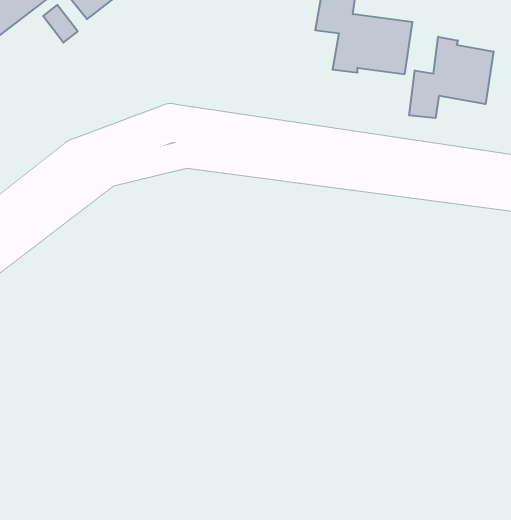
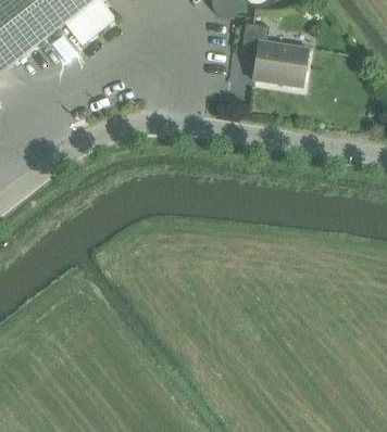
building: [409,37,494,118] -> none

